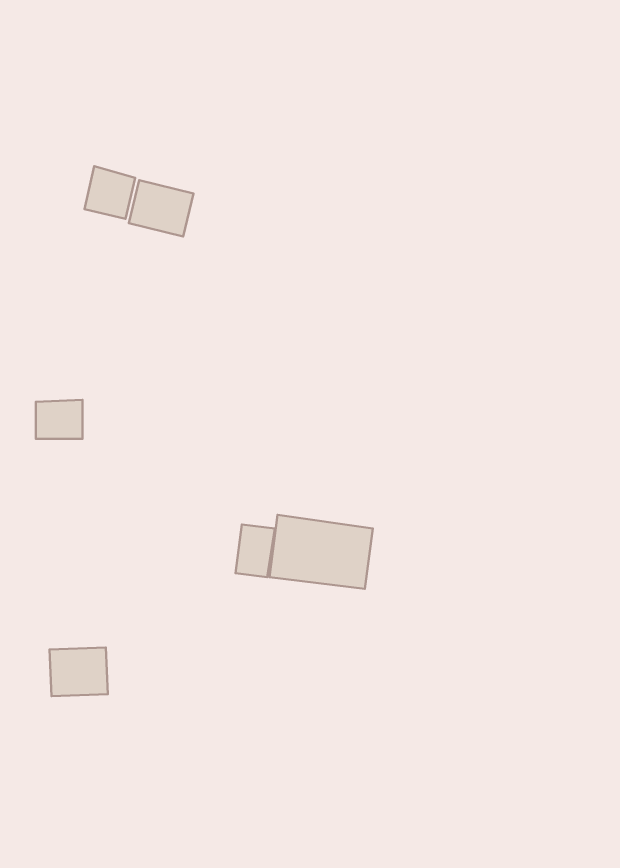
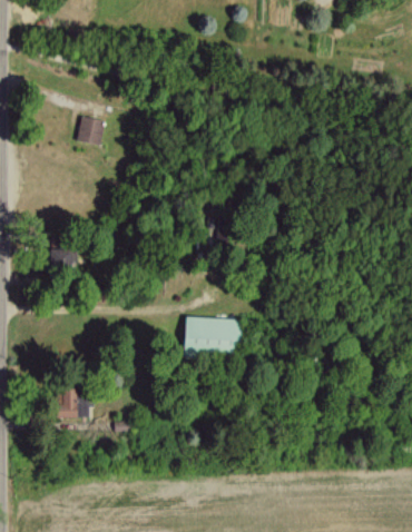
building: [129,180,194,236] -> none
building: [236,524,275,577] -> none

